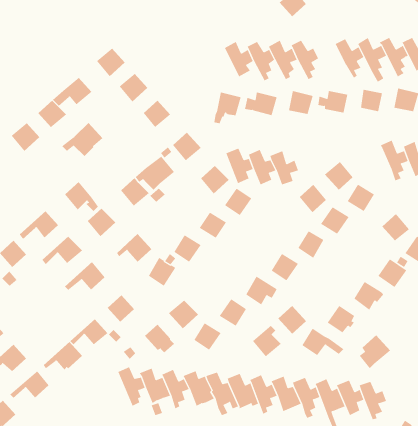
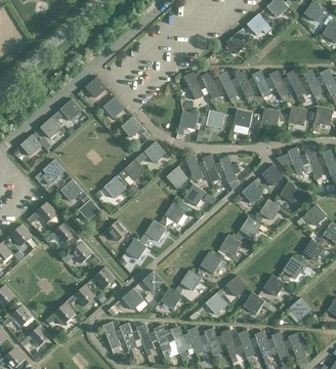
building: none -> [252,70,278,101]
building: [62,122,103,157] -> [34,159,66,186]
building: none -> [275,147,312,174]

